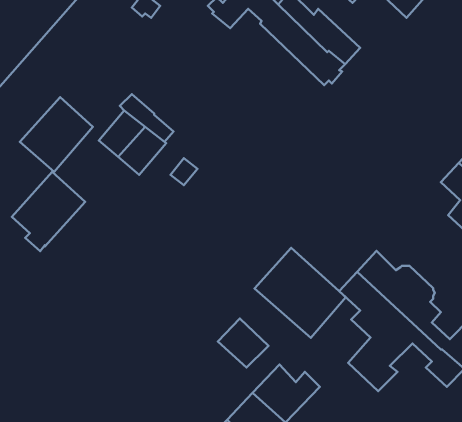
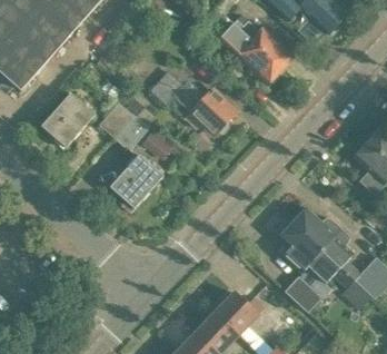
building: none -> [151,70,237,134]
building: [12,172,85,251] -> [109,153,163,212]
building: [254,248,346,338] -> none
building: [218,318,269,367] -> none

